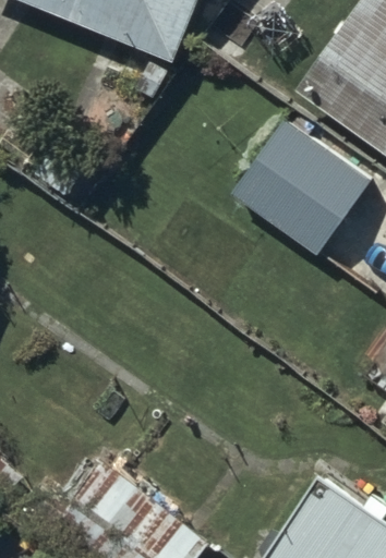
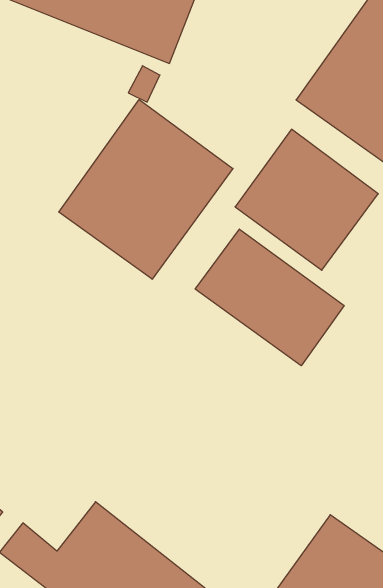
building: none -> [59,100,233,279]
building: none -> [195,229,344,366]

